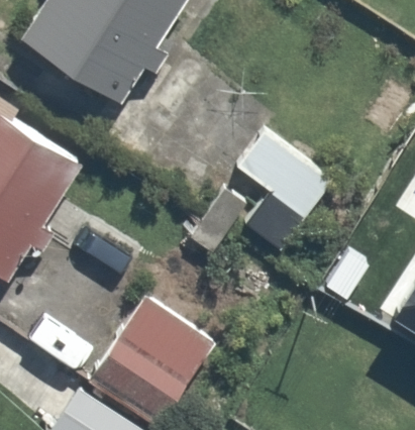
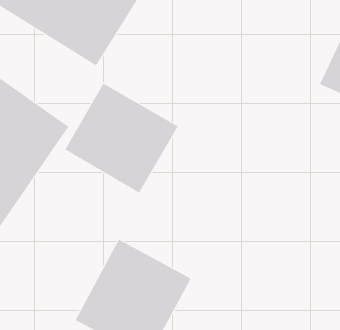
building: [235,123,339,259] -> none
building: none -> [64,83,179,194]

